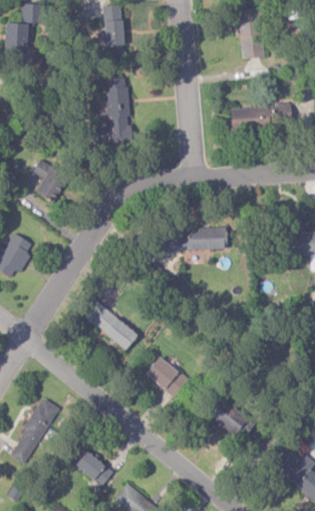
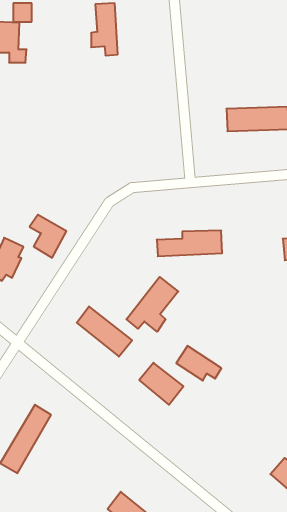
building: [237,8,264,58] -> none
building: [98,77,131,143] -> none
building: [32,161,68,203] -> [30,215,66,258]
building: none -> [126,277,178,332]
building: [210,401,254,435] -> [176,346,221,381]
building: [75,451,113,487] -> none

